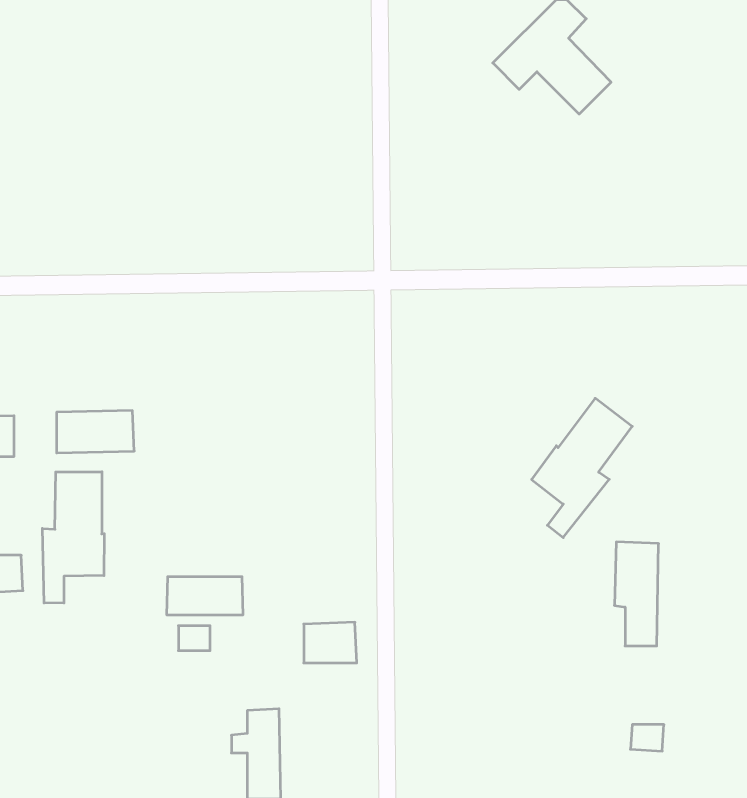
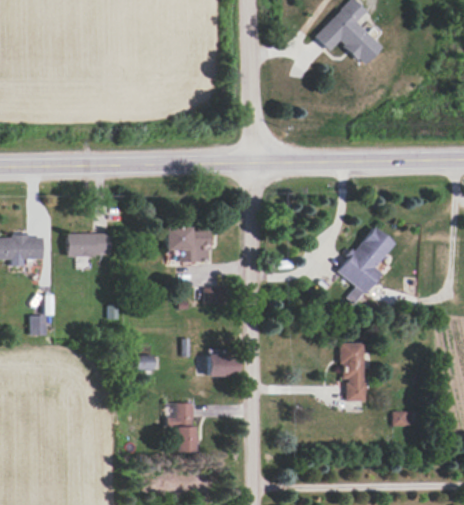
building: none -> [165,227,210,262]
building: [42,472,104,603] -> none
building: [614,542,659,646] -> [340,342,365,401]
building: [167,577,243,615] -> none

